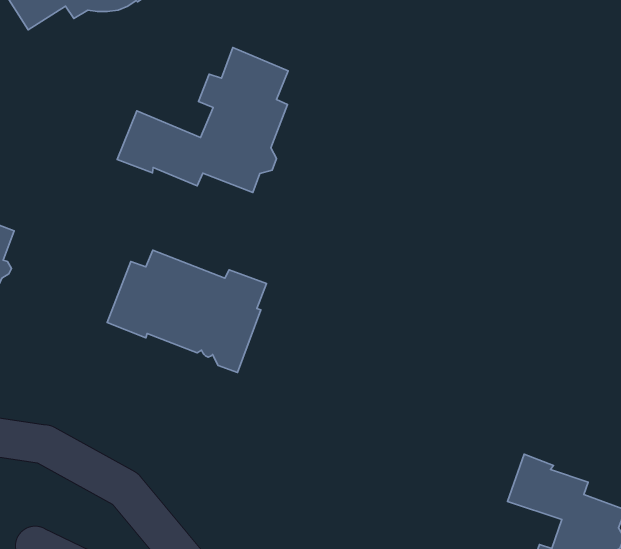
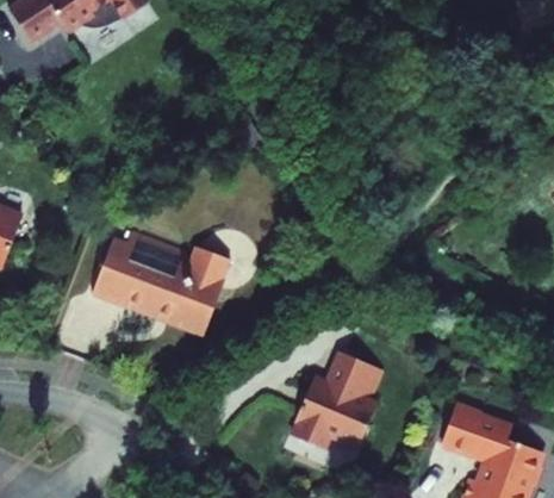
building: [117,47,288,192] -> none
building: none -> [293,348,384,450]

